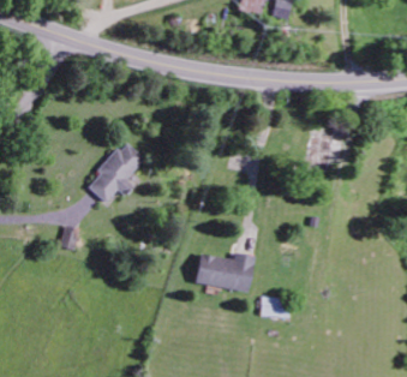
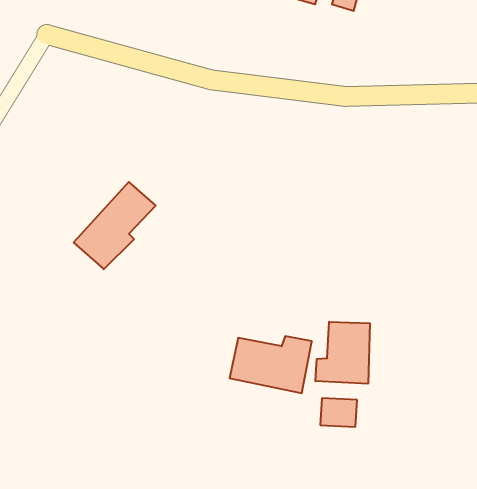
building: [306,133,343,172] -> none
building: none -> [316,322,370,384]

